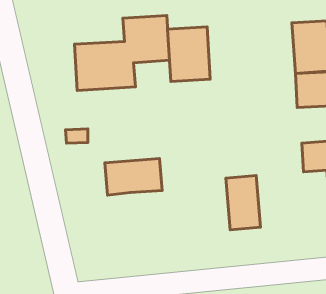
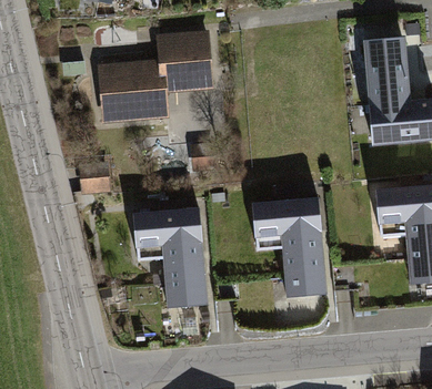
building: [168,27,210,82] -> none
building: none -> [248,197,320,233]
building: none -> [163,247,207,307]

